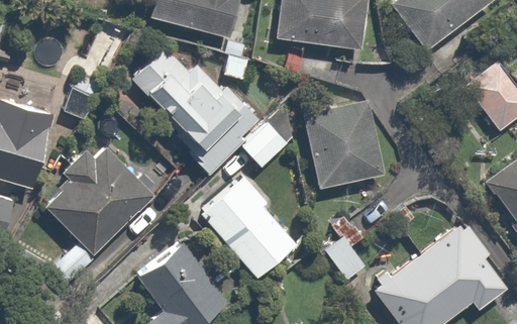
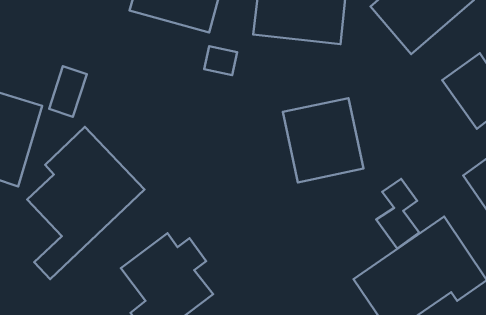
building: [130,49,289,171] -> none
building: [200,172,303,278] -> none
building: [326,211,370,282] -> [376,179,419,249]

